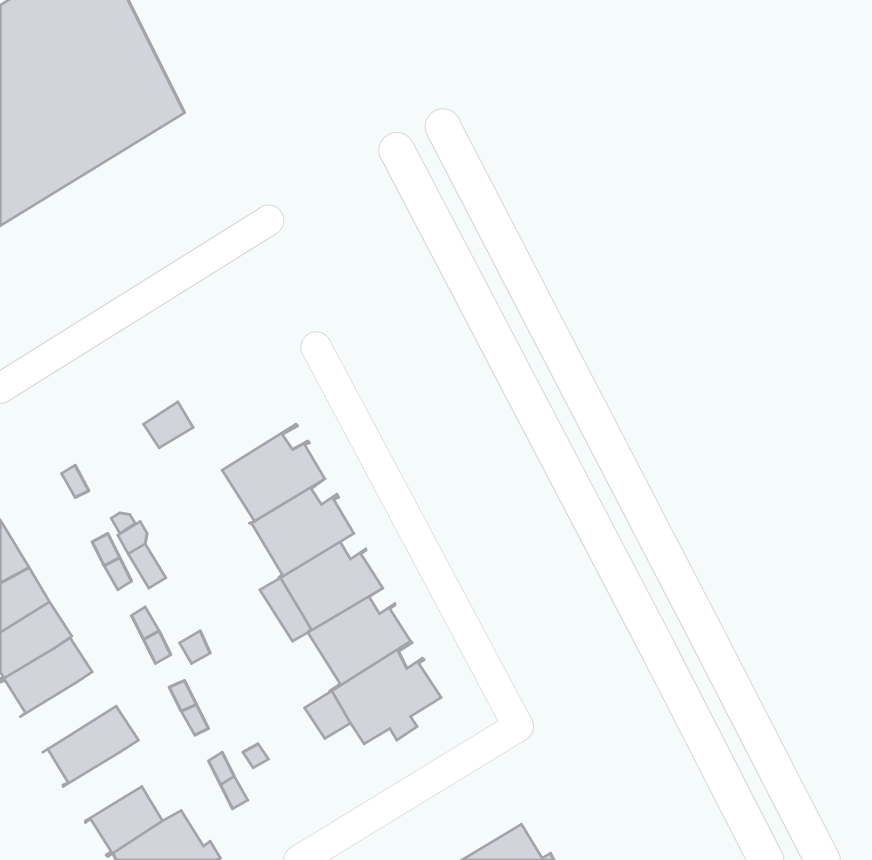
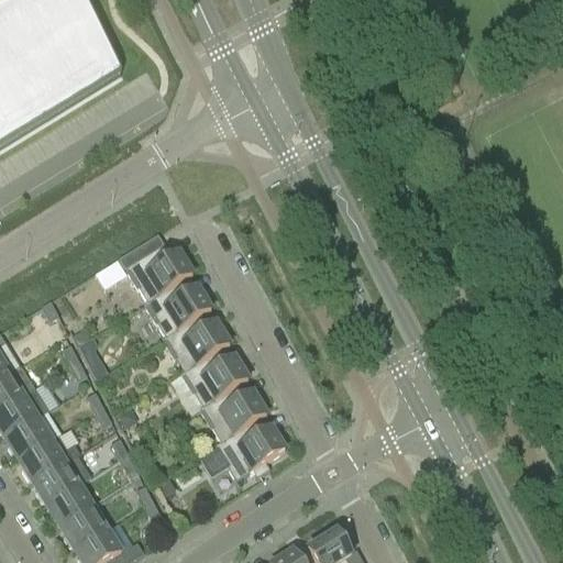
building: none -> [119,232,191,302]
building: none -> [14,427,79,484]
building: none -> [42,484,92,528]

